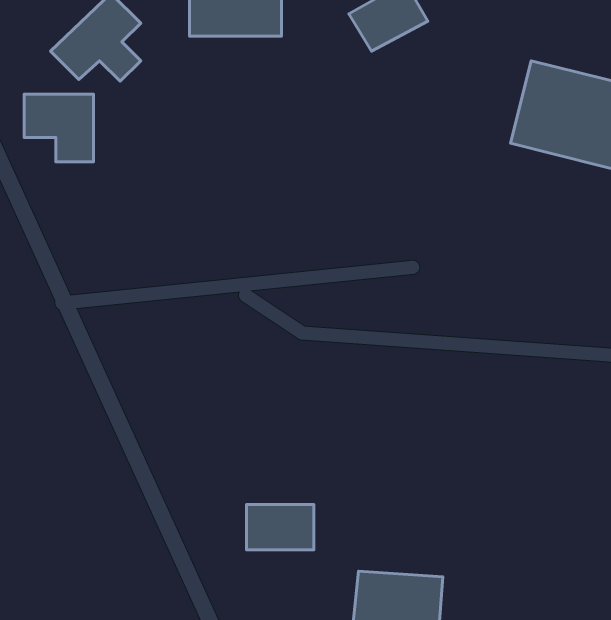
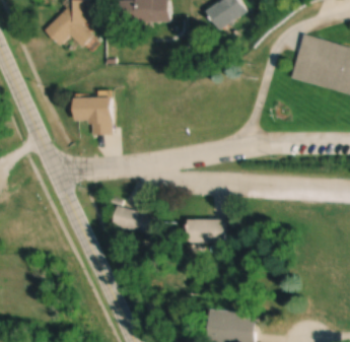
building: [24,94,93,162] -> [73,96,111,133]
building: none -> [112,206,150,233]
building: [246,505,314,550] -> [187,218,223,243]

